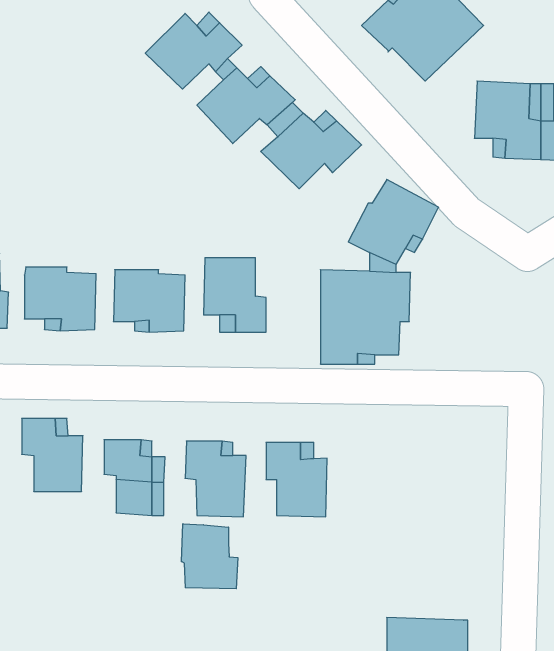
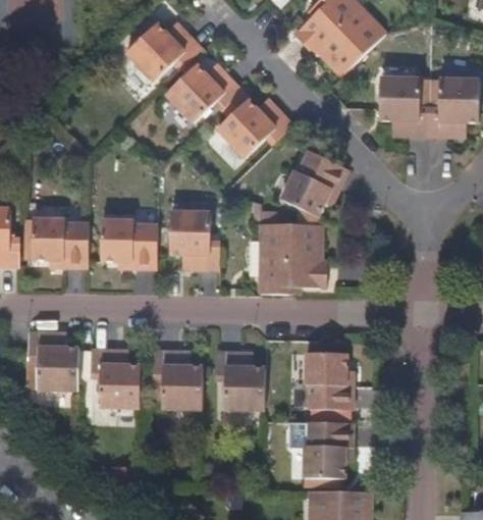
building: none -> [306,351,353,408]
building: [181,524,238,589] -> none
building: none -> [305,419,352,477]

